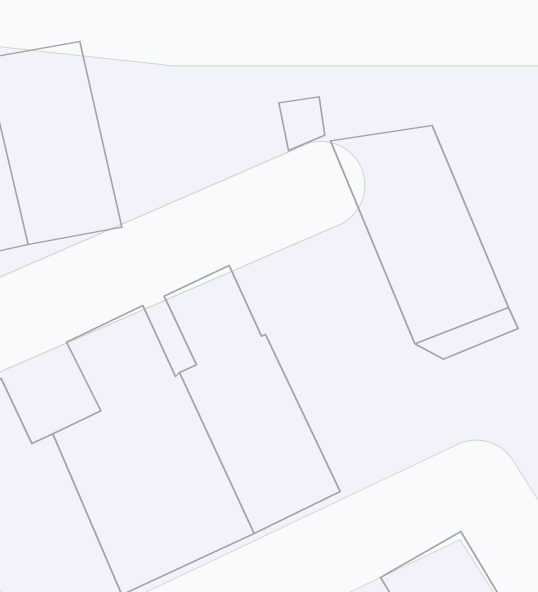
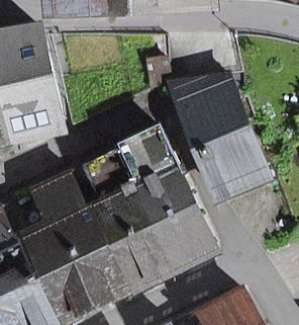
building: none -> [121,130,217,268]

